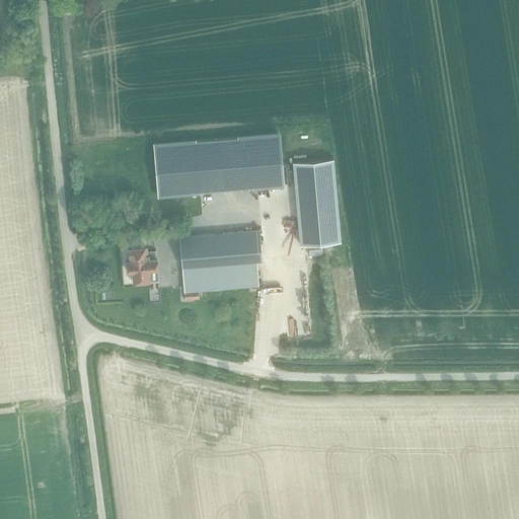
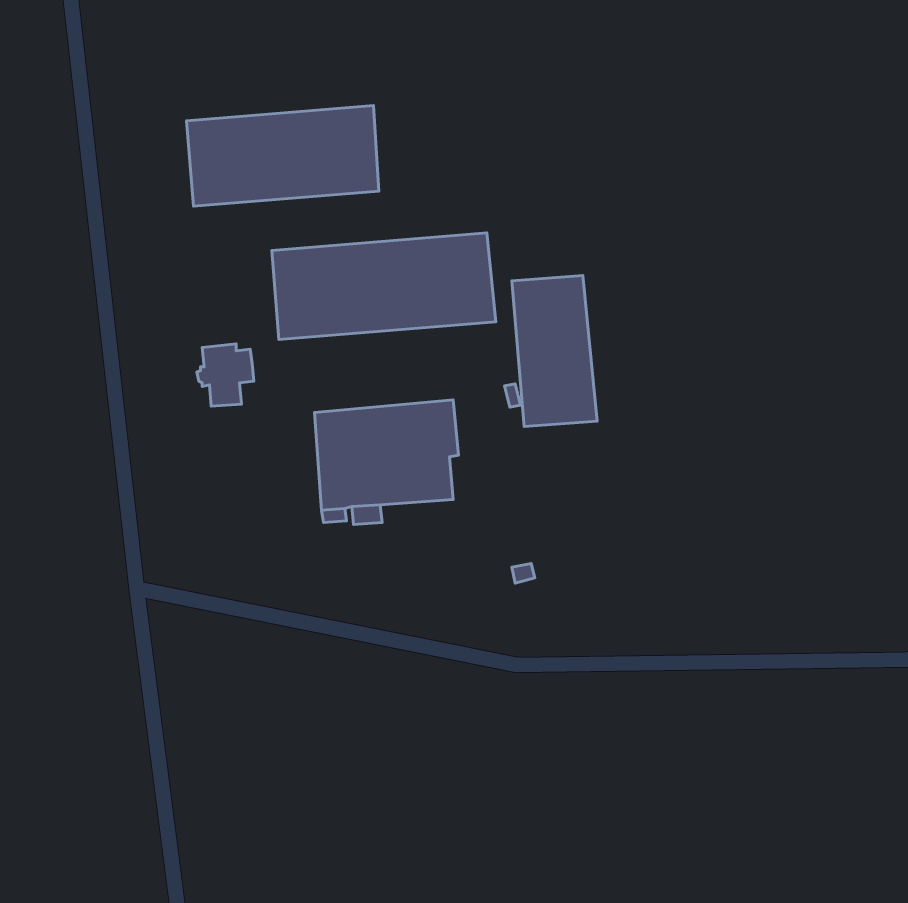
building: none -> [186,106,379,206]
building: [125,249,157,285] -> [197,344,254,406]

